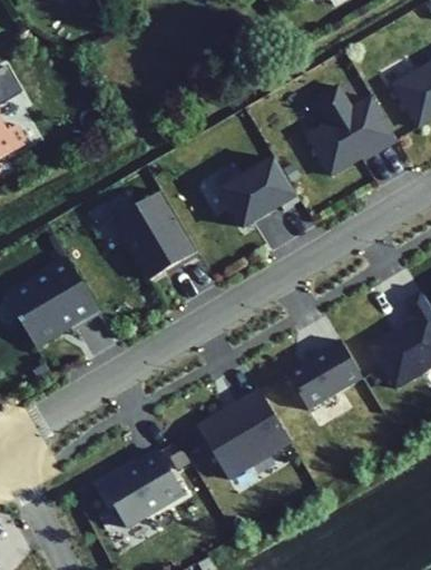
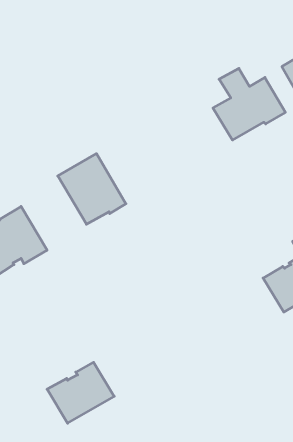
building: [221,157,300,227] -> none
building: [285,340,362,410] -> none
building: [197,390,291,479] -> none

